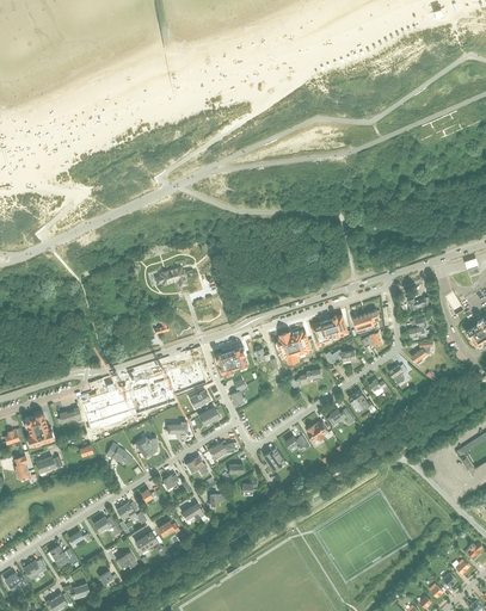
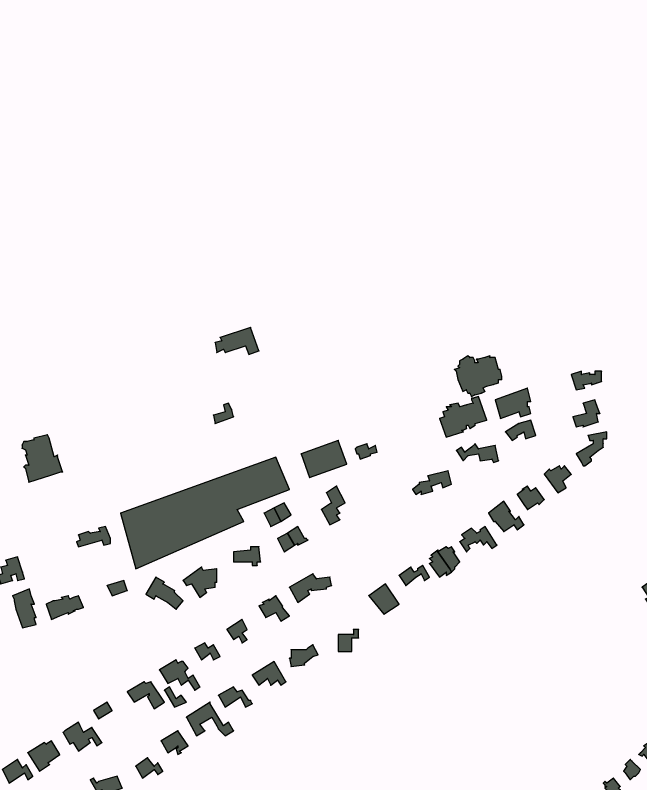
building: [276,331,309,359] -> [454,356,502,396]
building: [24,412,53,445] -> [22,435,63,482]

